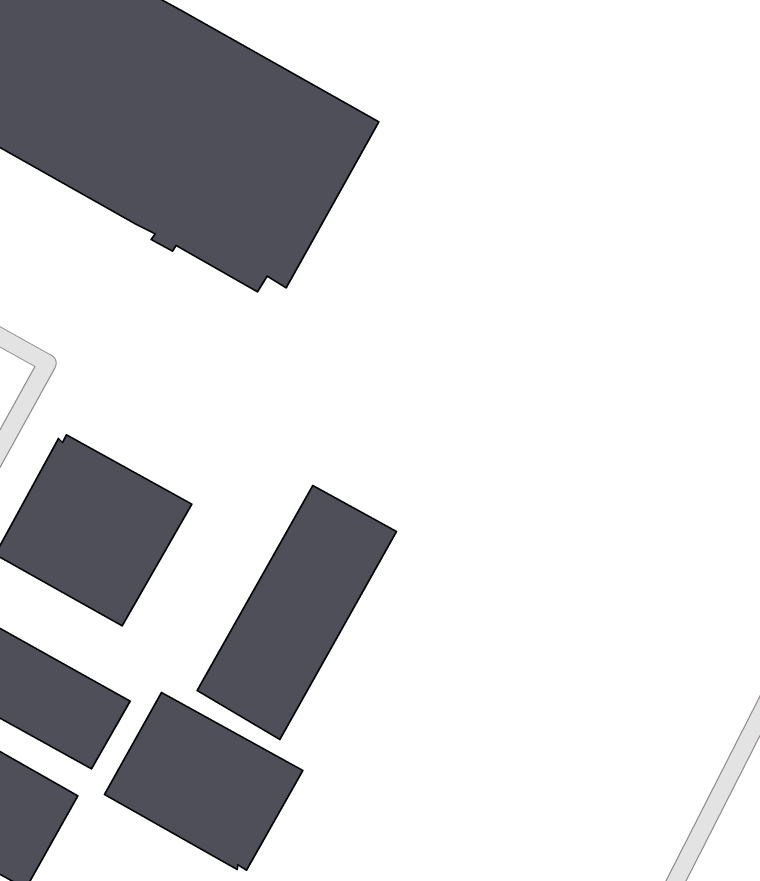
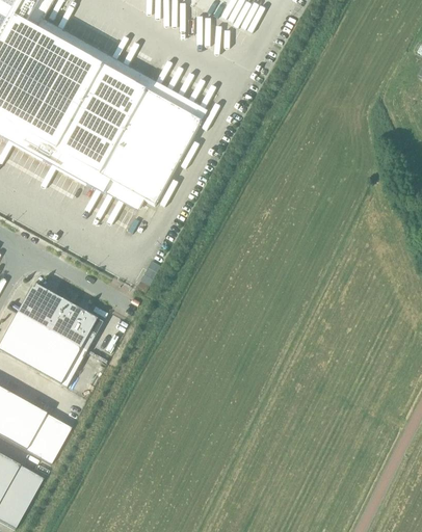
building: [197,486,396,739] -> none
building: [105,692,303,870] -> none

